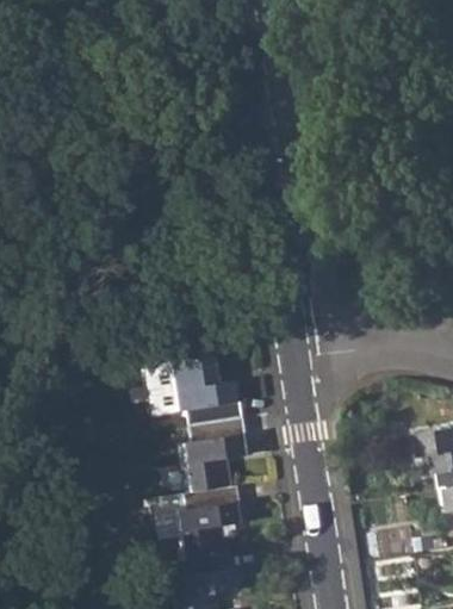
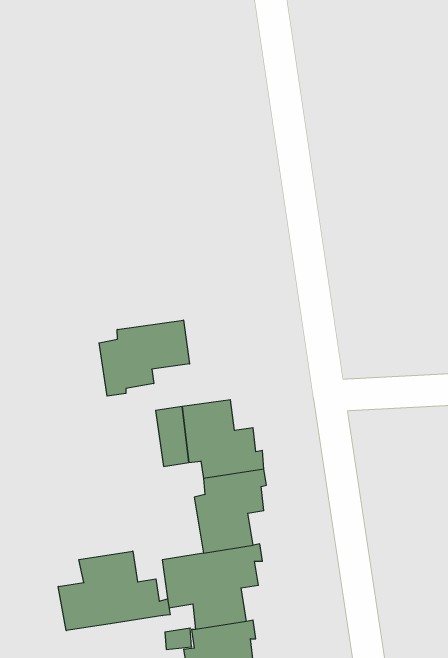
building: none -> [99,320,190,396]
building: none -> [58,551,170,631]

